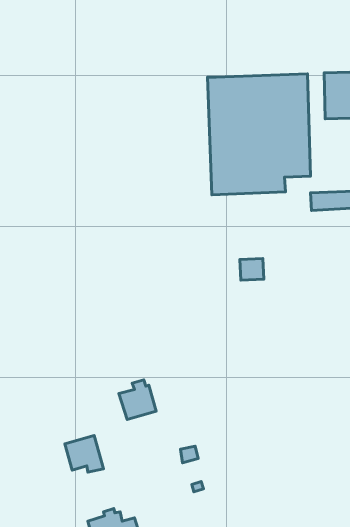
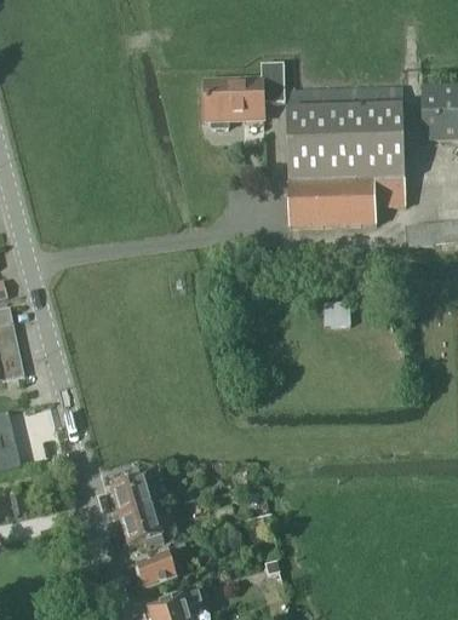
building: none -> [205,62,285,128]
building: [119,380,156,420] -> [110,470,154,516]
building: none -> [136,551,178,589]

